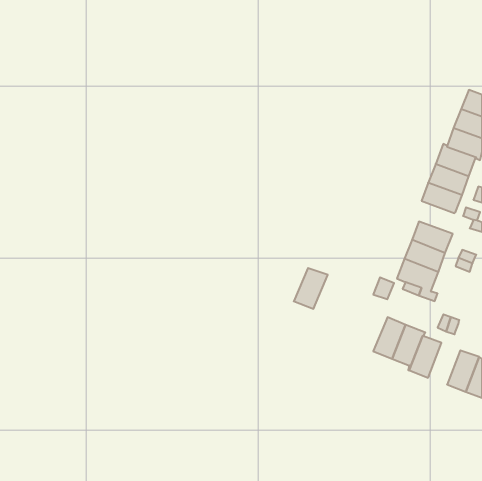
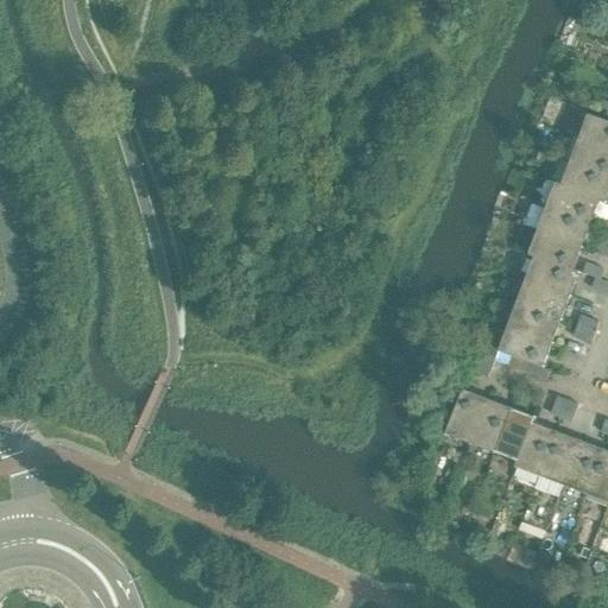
building: none -> [526,252,577,293]
building: [294,268,328,309] -> [444,390,487,441]
building: none -> [538,430,578,482]

